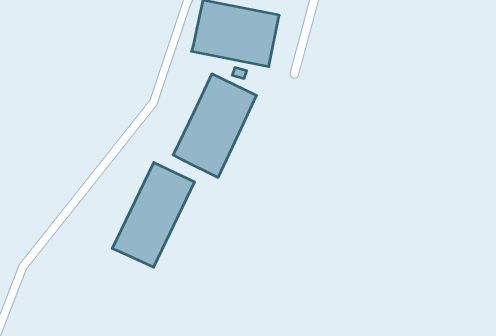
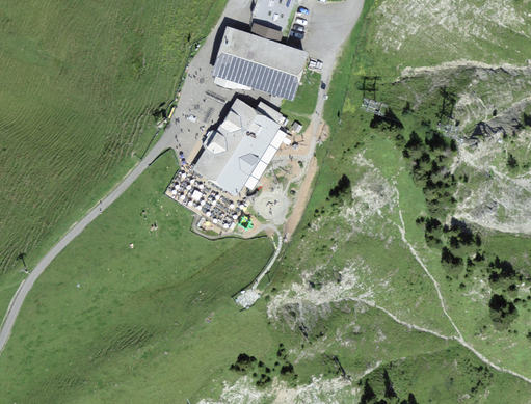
building: [112,162,194,267] -> none

